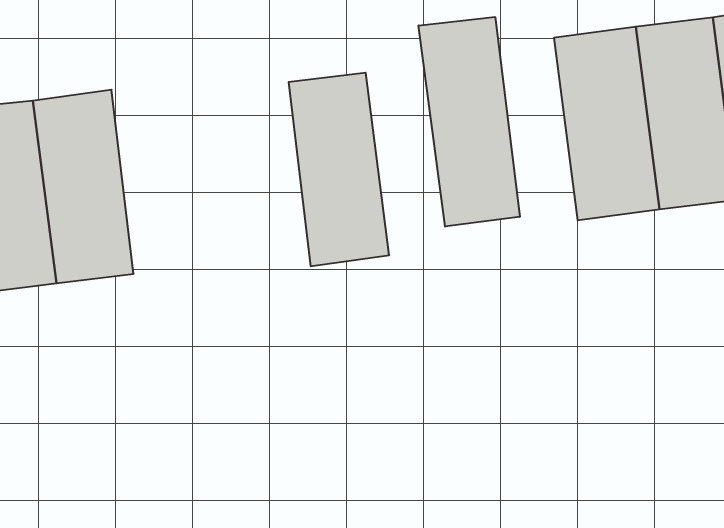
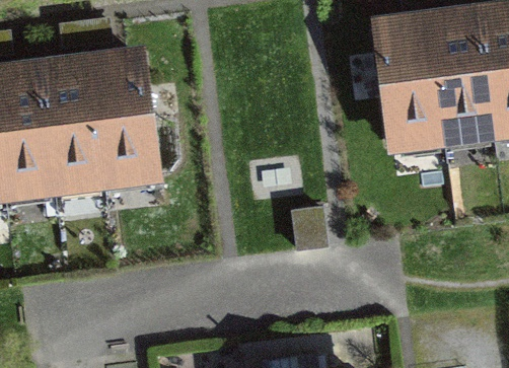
building: [419,17,520,227] -> none
building: [289,73,389,266] -> [91,55,156,179]

